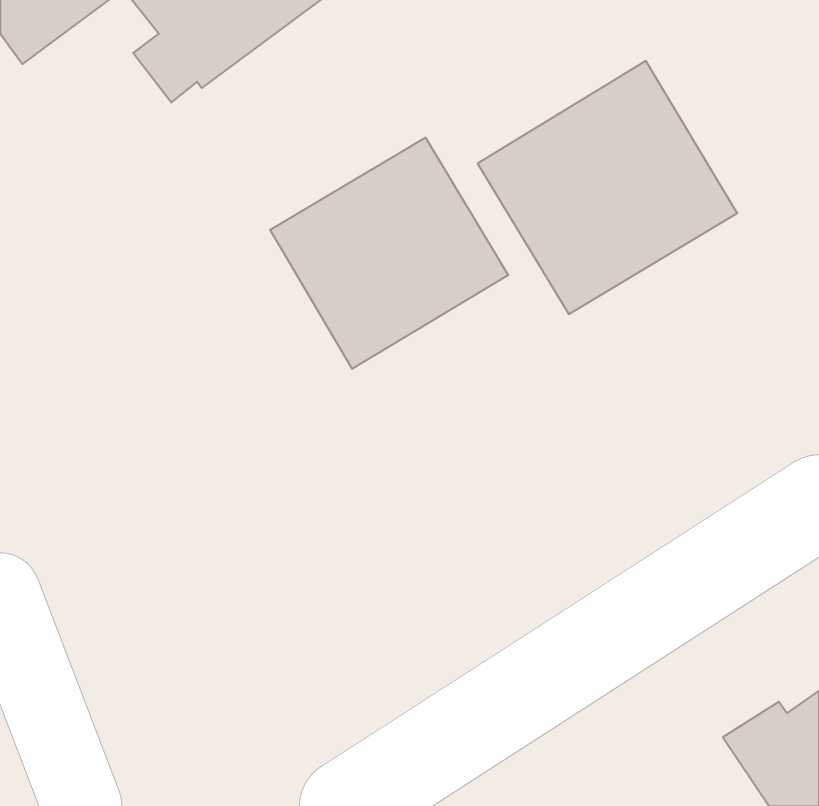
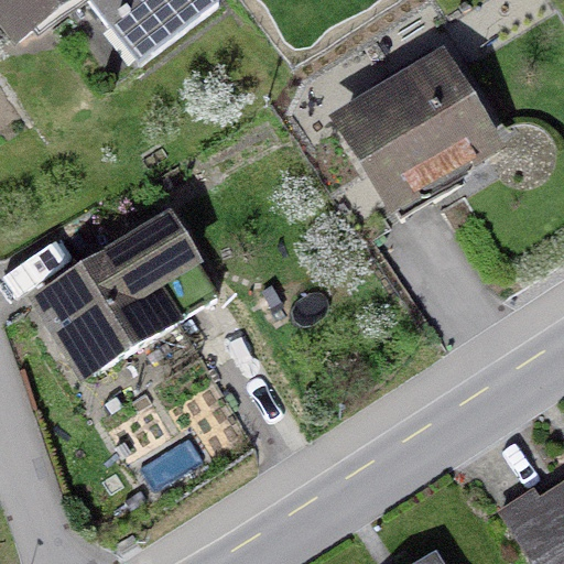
building: [270,137,508,369] -> none
building: none -> [32,209,218,379]

